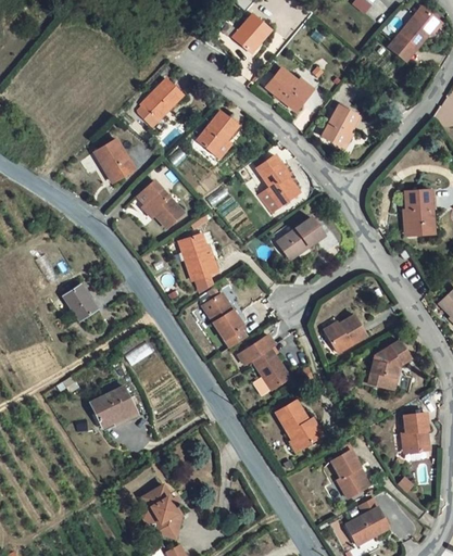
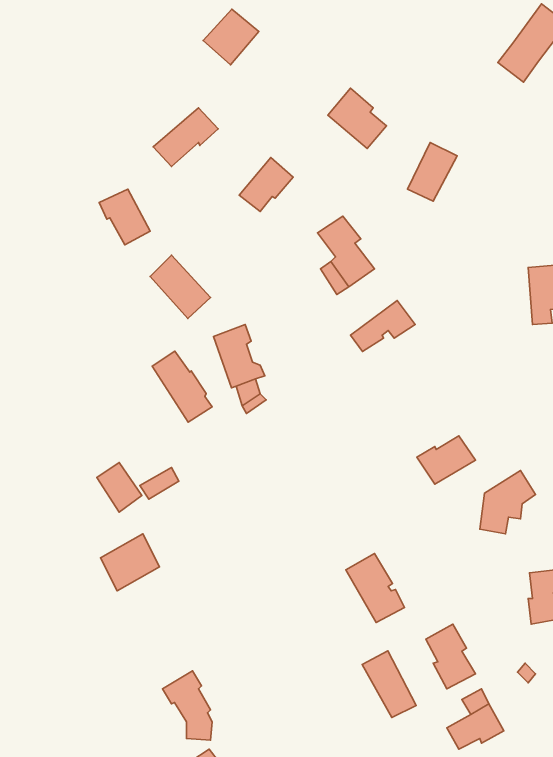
building: [230,14,270,54] -> [203,9,259,65]
building: [65,283,98,319] -> [97,463,142,512]
building: [203,294,247,345] -> [152,351,212,422]
building: [238,334,289,390] -> none
building: none -> [362,651,416,718]

